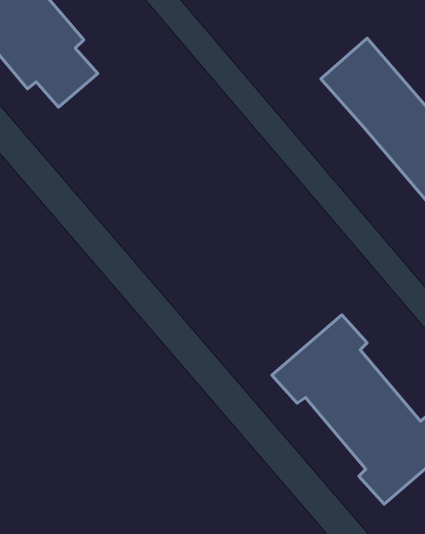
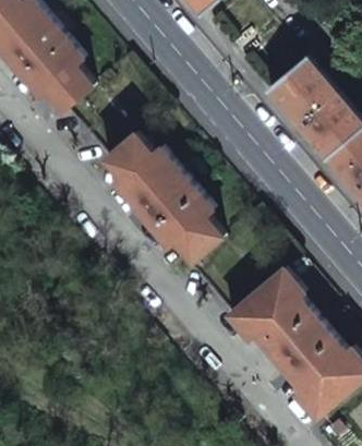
building: none -> [104,134,221,262]

